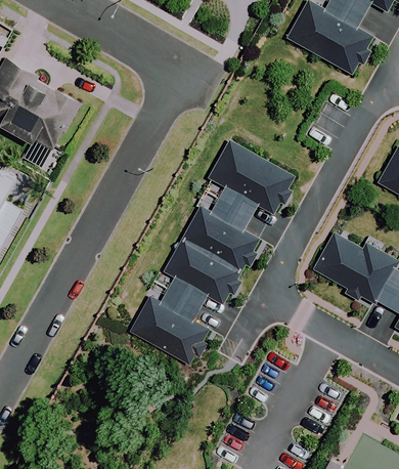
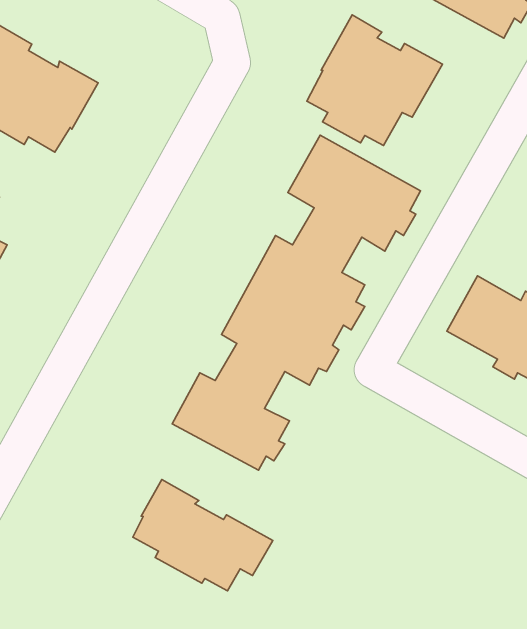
building: none -> [307,15,442,145]
building: none -> [133,479,273,591]

